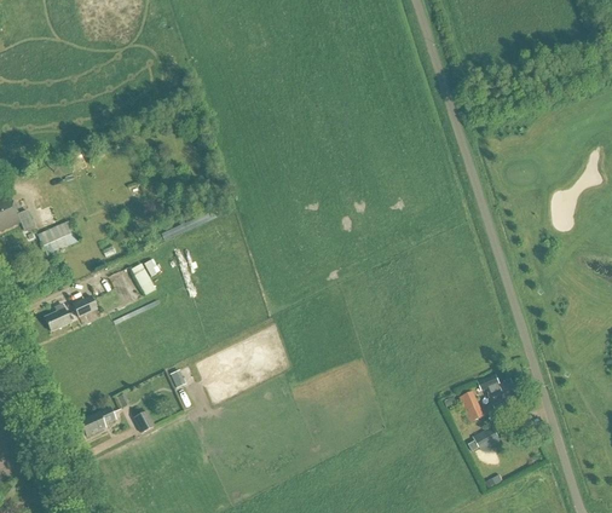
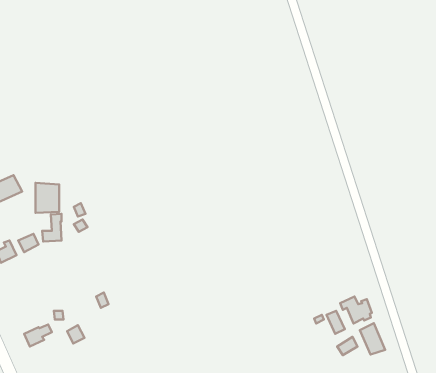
building: none -> [36,183,59,213]
building: none -> [360,323,385,355]

